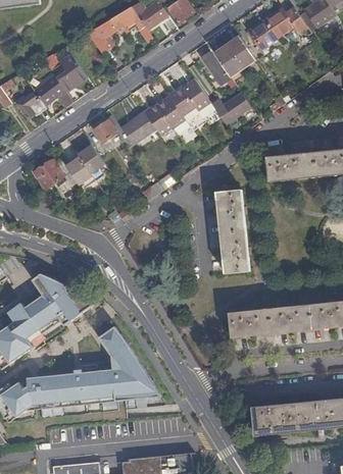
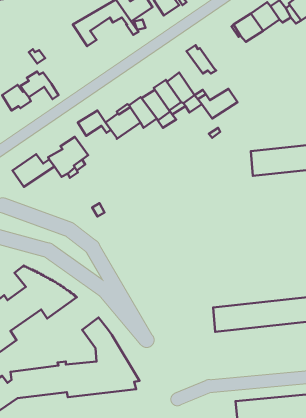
building: [214,37,254,74] -> none
building: [56,53,87,90] -> none
building: [215,189,248,273] -> none

